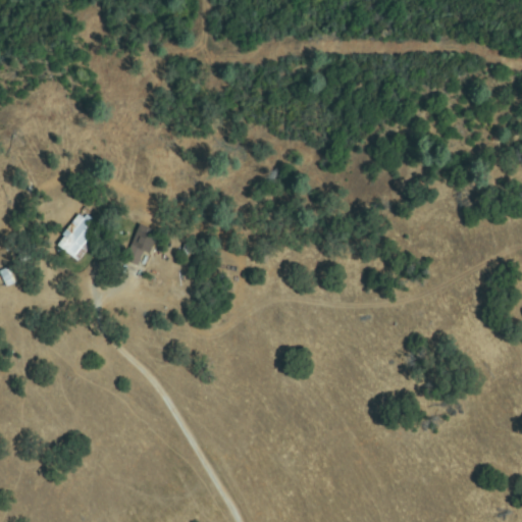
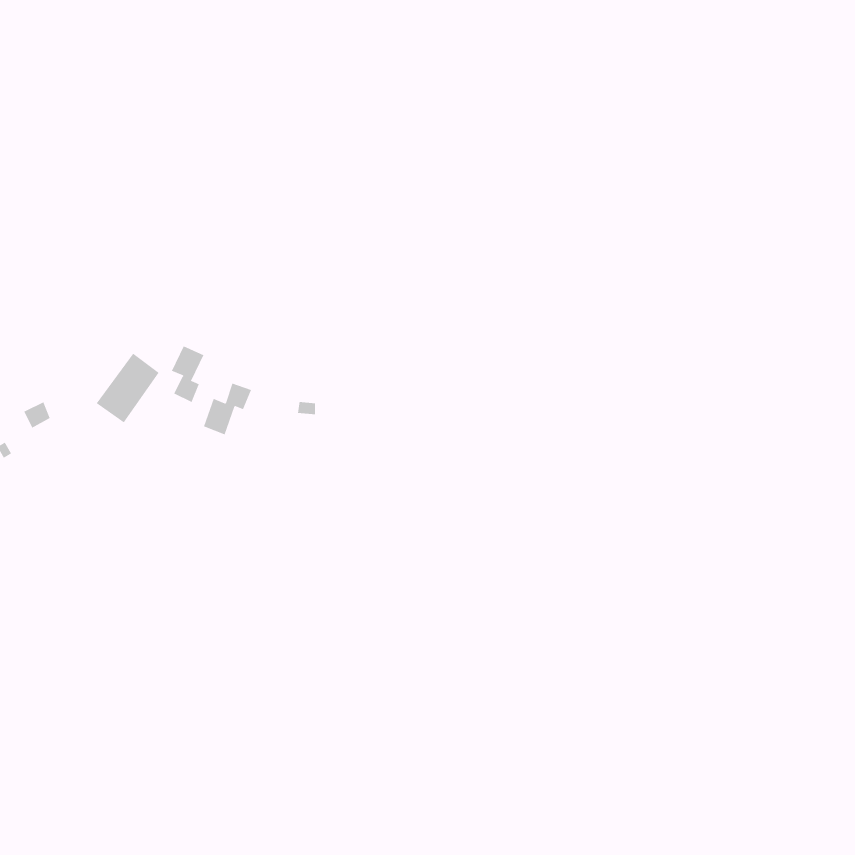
building: none -> [171,346,204,403]

